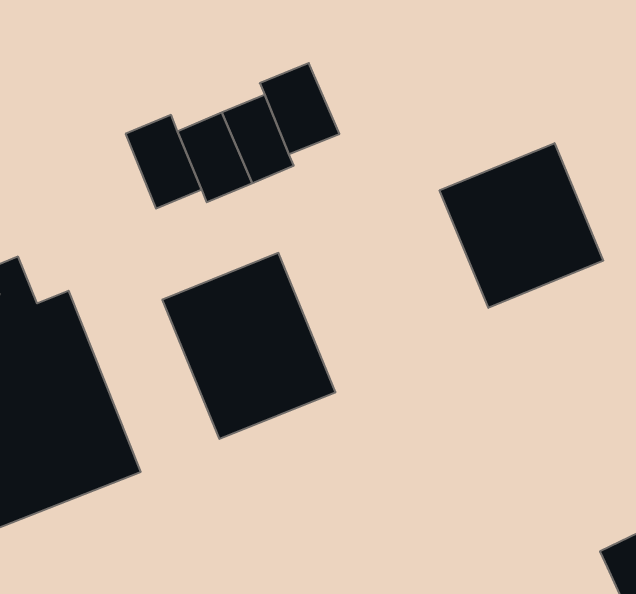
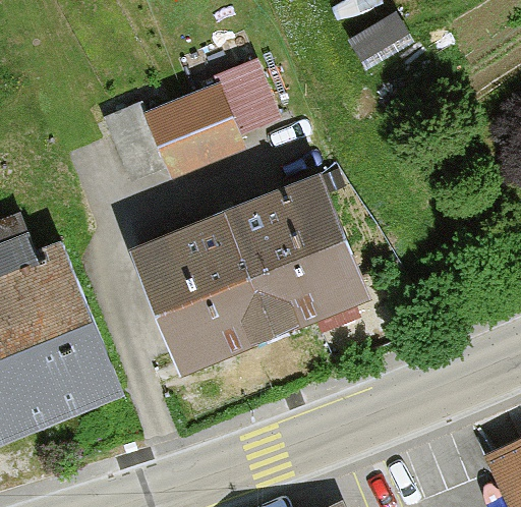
building: [440,143,603,308] -> none
building: none -> [230,178,365,327]

